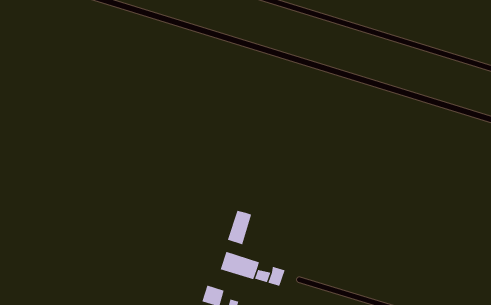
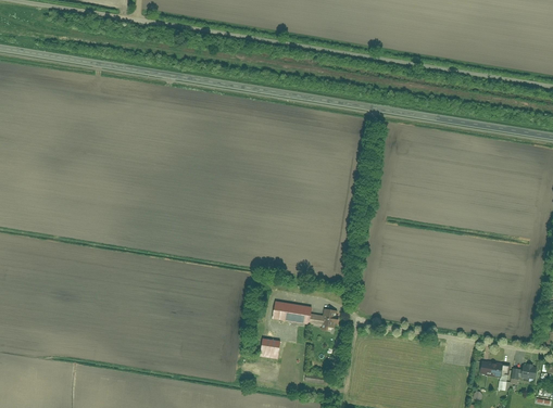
building: [227,210,252,245] -> none

